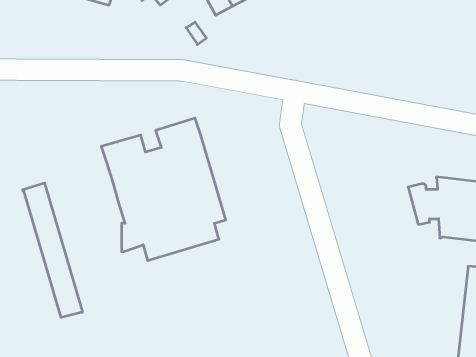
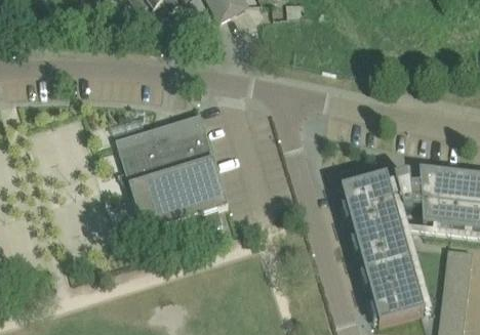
building: [23,183,82,317] -> none
building: none -> [342,175,426,325]

